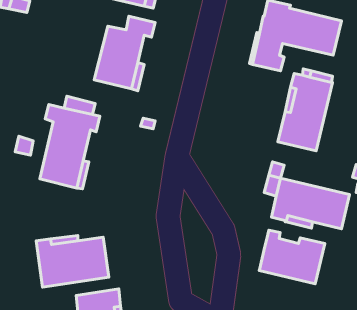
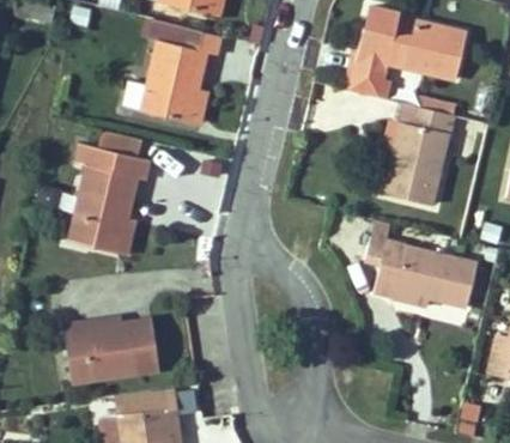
building: [259,230,325,284] -> none

